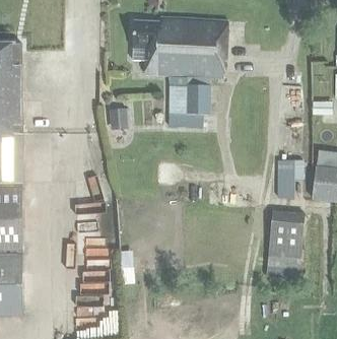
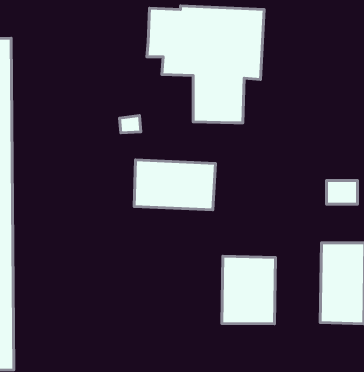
building: none -> [134,160,216,210]
building: none -> [222,256,275,324]

